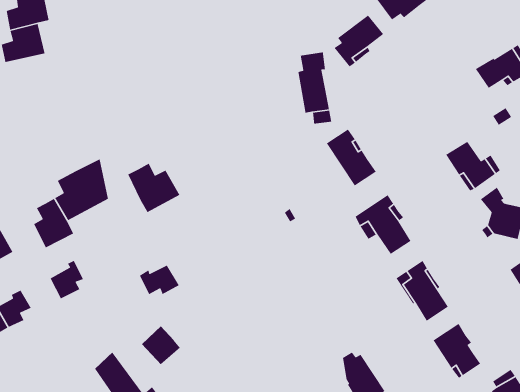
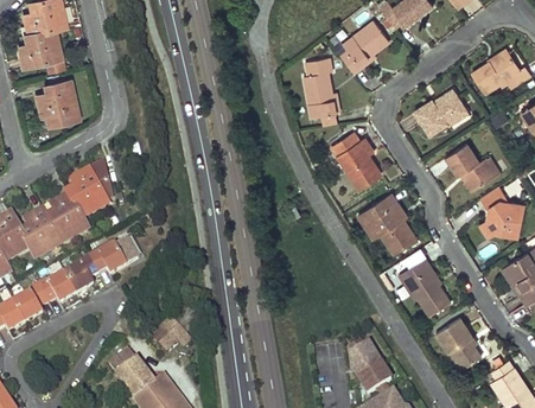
building: none -> [37,79,78,123]
building: none -> [414,89,466,133]
building: [127,163,181,213] -> none
building: none -> [24,209,62,256]
building: [139,264,180,295] -> [89,243,128,273]
building: none -> [38,272,76,300]

